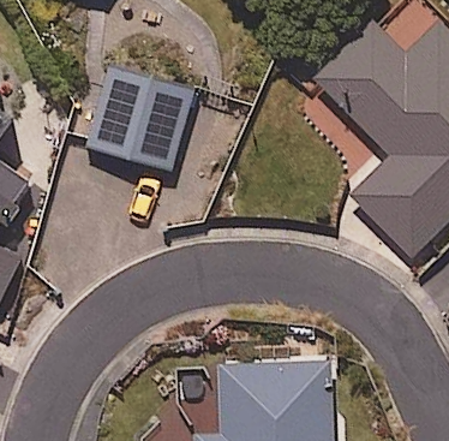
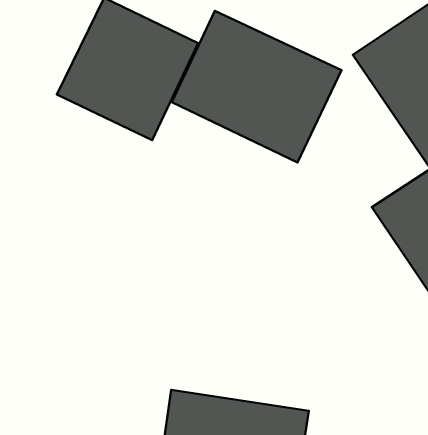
building: none -> [172,11,342,163]

